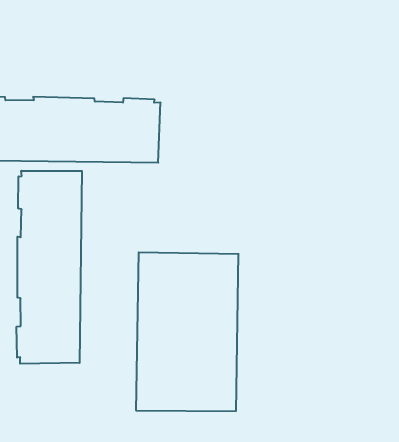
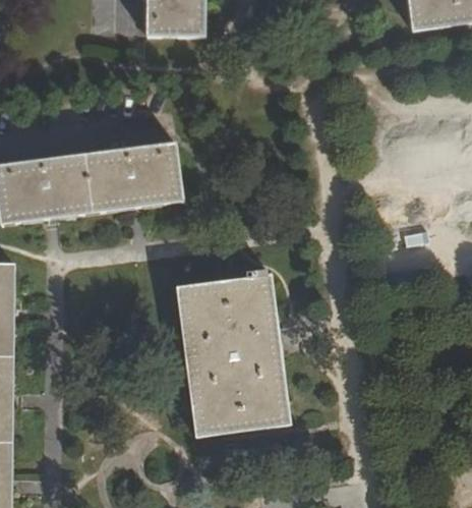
building: [17,171,82,364] -> none

